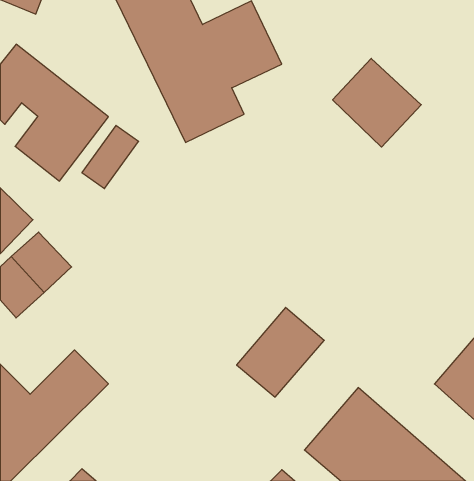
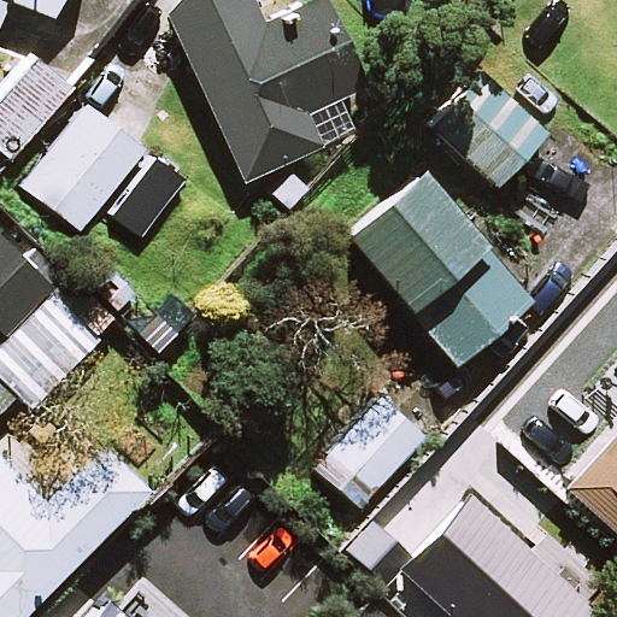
building: none -> [343,174,530,366]

